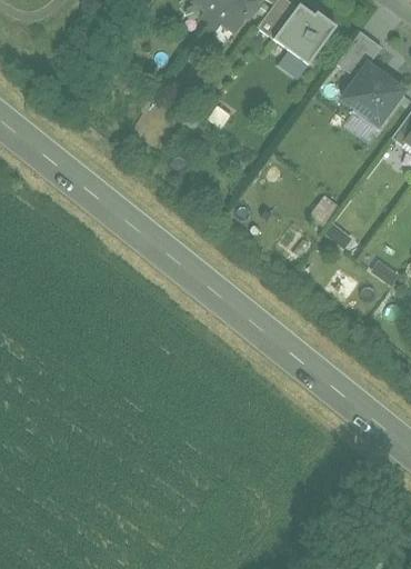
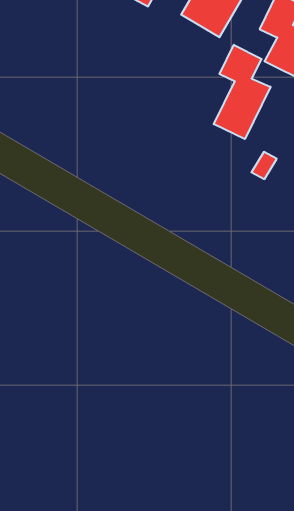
building: none -> [214,45,271,139]

